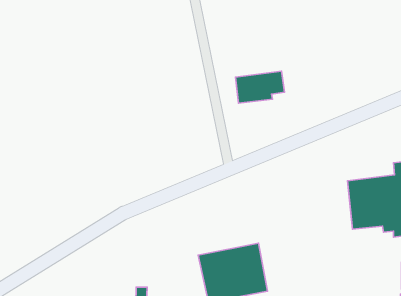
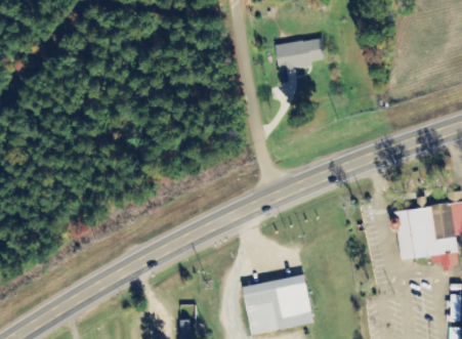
building: [235,71,285,103] -> [275,37,325,70]

